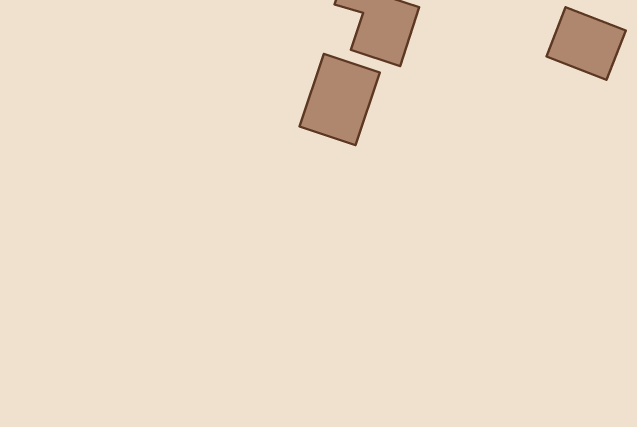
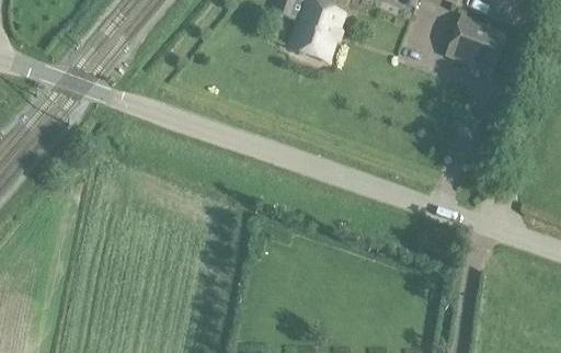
building: [300,54,380,145] -> none

